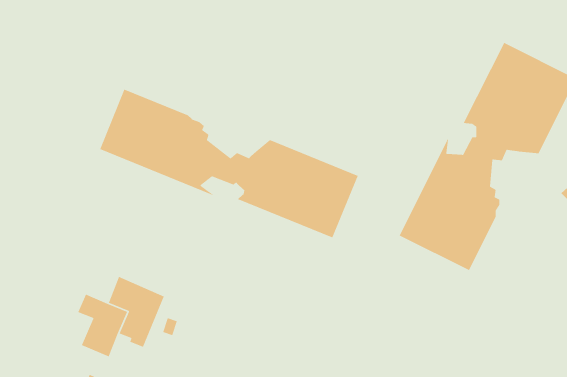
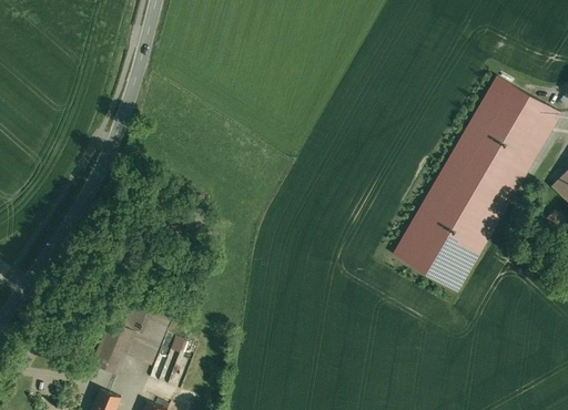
building: [99,88,359,238] -> none

